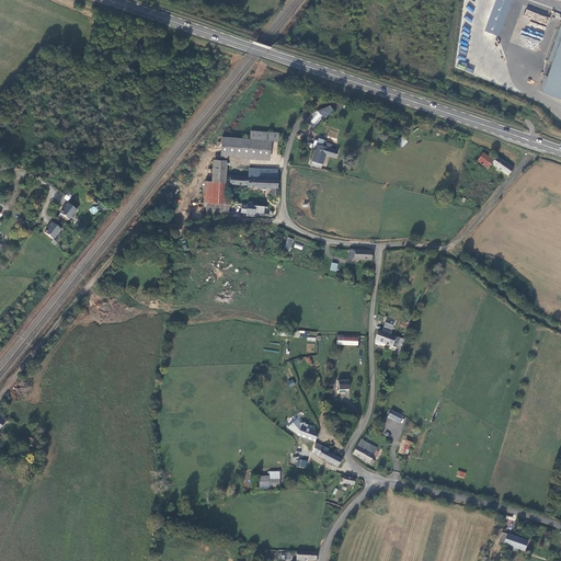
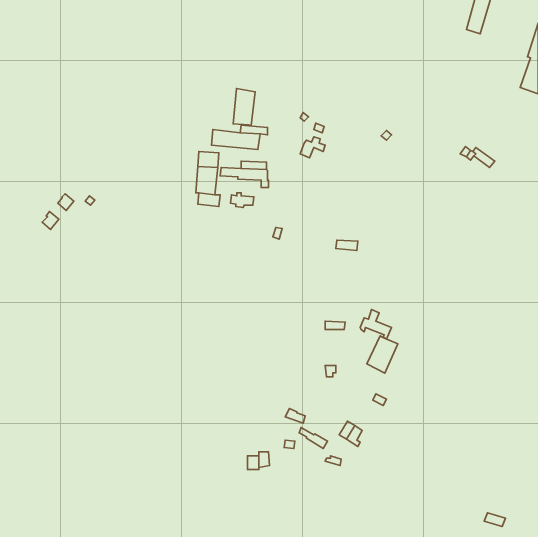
building: none -> [233,89,255,125]
building: none -> [367,336,398,373]

